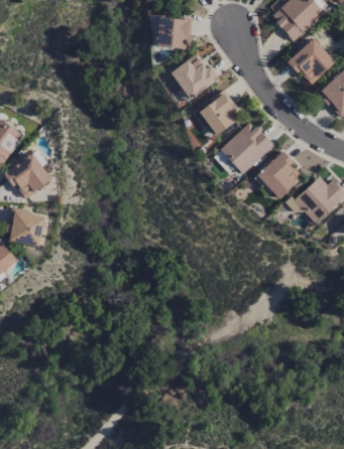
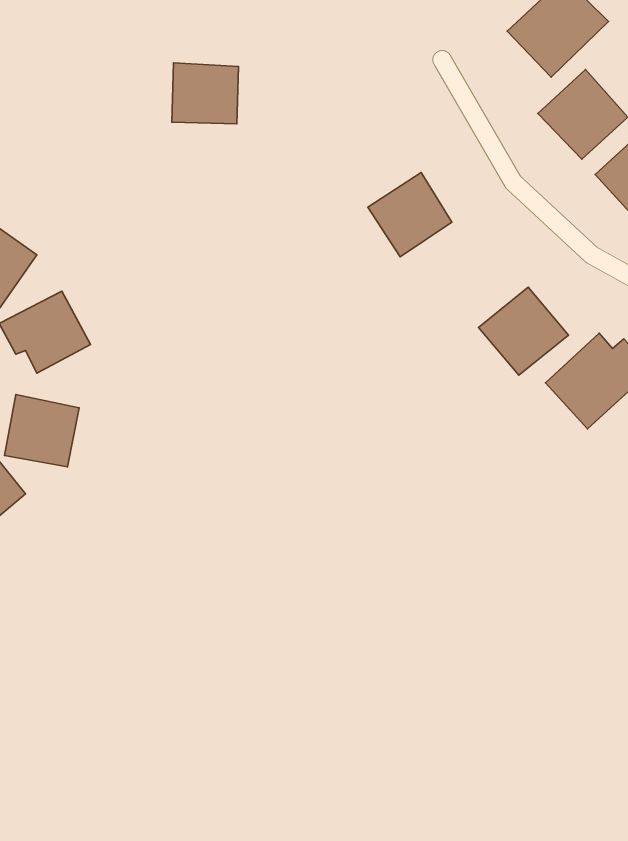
building: [157,16,193,48] -> [172,63,239,124]
building: [170,53,219,100] -> none
building: [220,121,272,173] -> none

